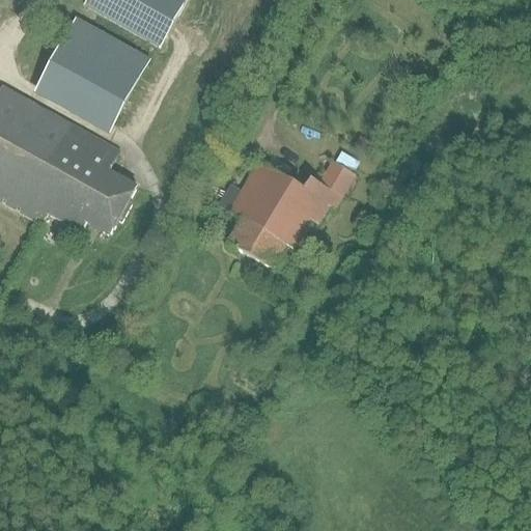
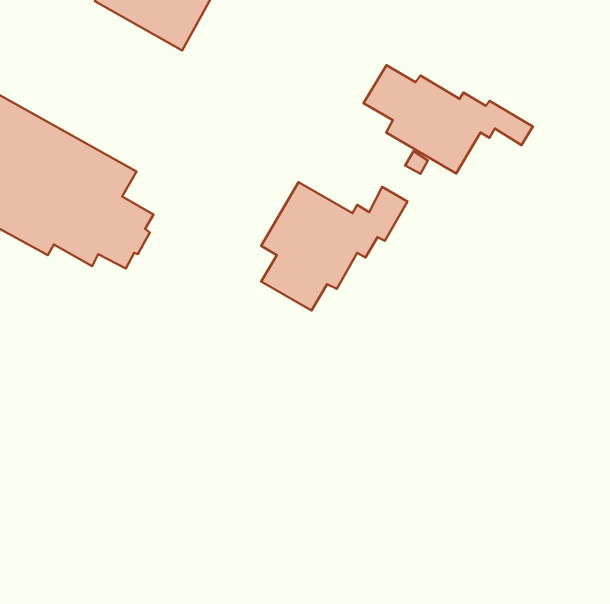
building: [34,16,148,130] -> none
building: none -> [363,65,533,173]

